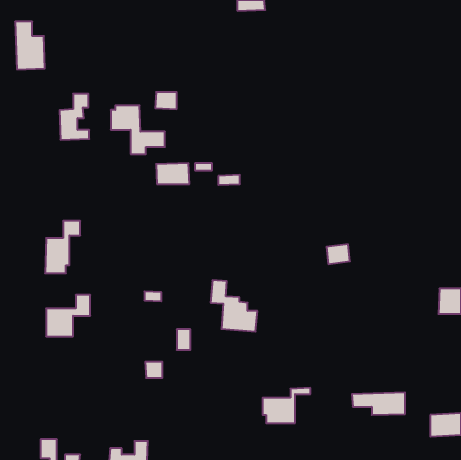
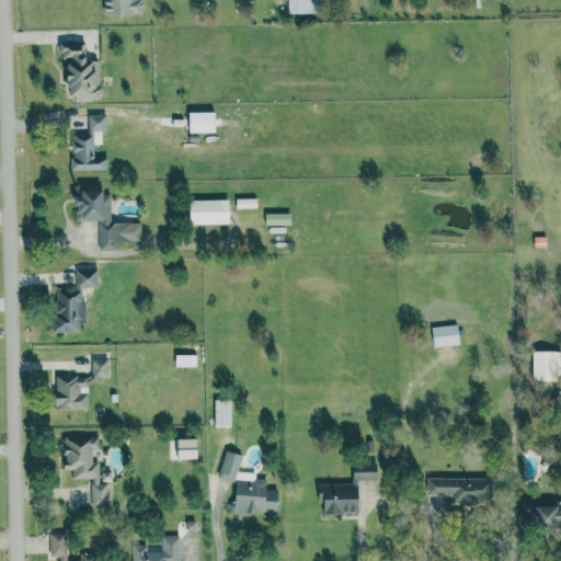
building: [15,22,45,69] -> [65,44,101,102]
building: [111,105,165,154] -> [76,192,141,251]
building: [326,244,350,264] -> [432,324,460,348]
building: [211,280,257,332] -> [221,453,278,515]
building: none -> [66,437,112,506]

